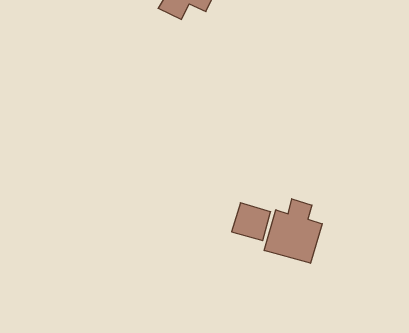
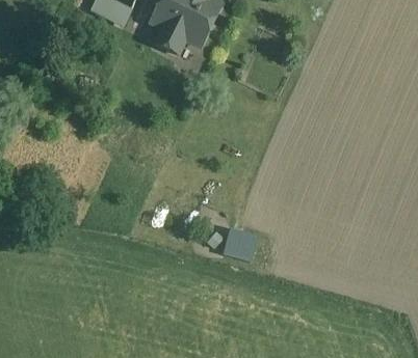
building: [264,199,322,263] -> none

